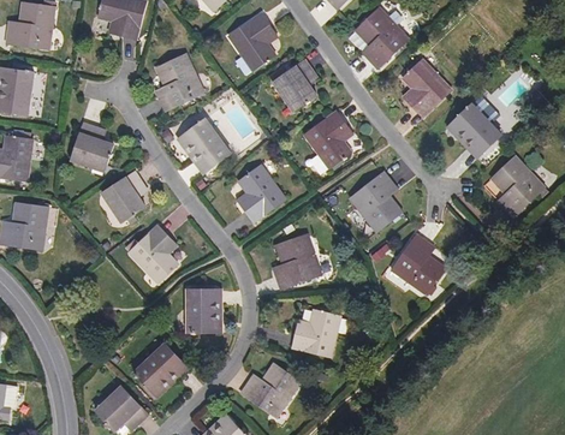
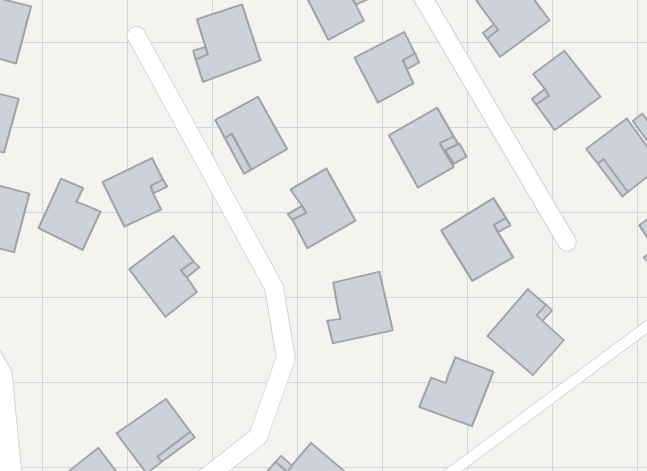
building: [71,123,114,172] -> [39,179,101,250]
building: [186,288,222,332] -> none
building: [291,309,341,357] -> [419,357,493,426]

